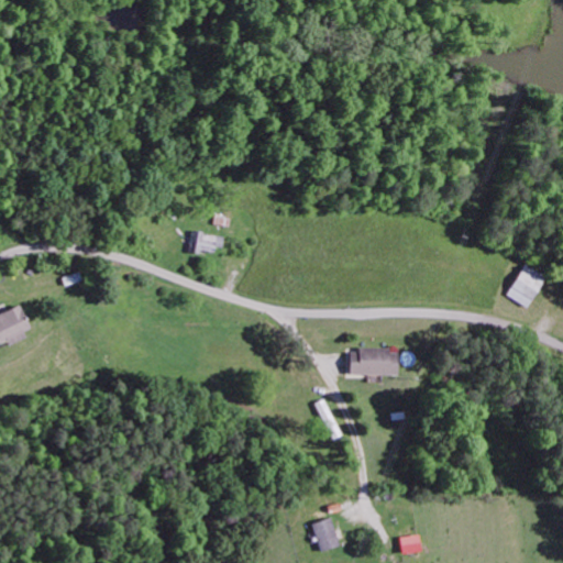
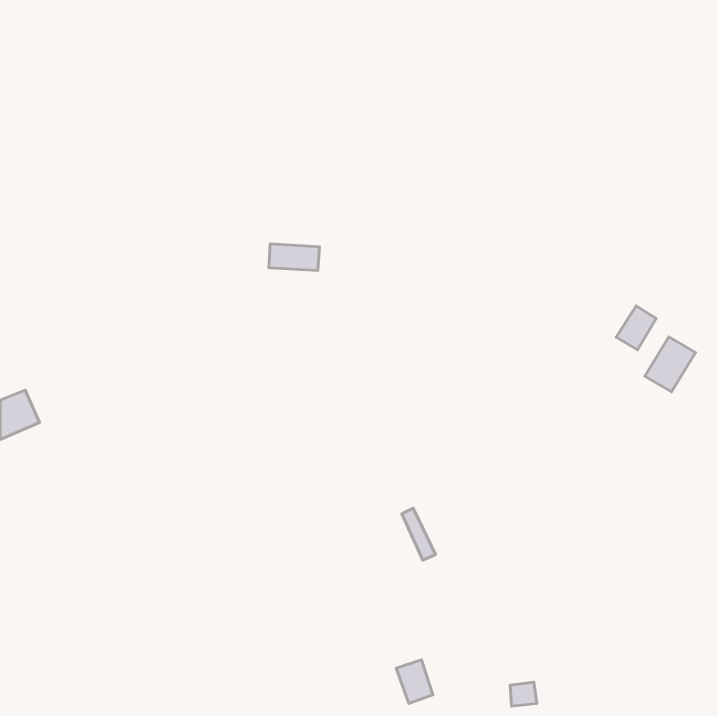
building: [184,232,223,253] -> [269,244,319,271]
building: none -> [616,306,656,350]
building: [349,349,396,376] -> none

